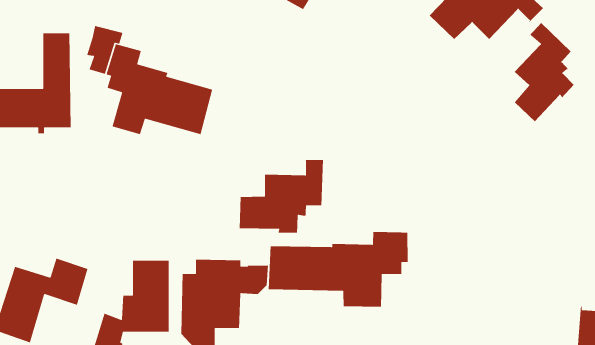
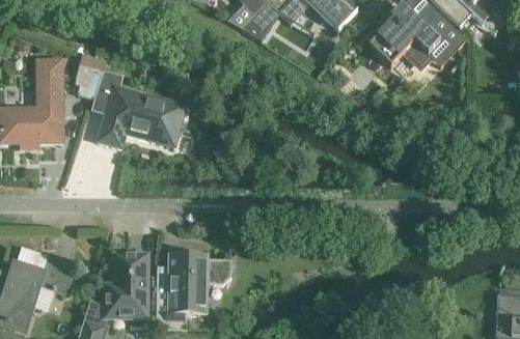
building: [514,22,575,122] -> none
building: [239,159,324,234] -> none
building: [268,231,409,308] -> none

